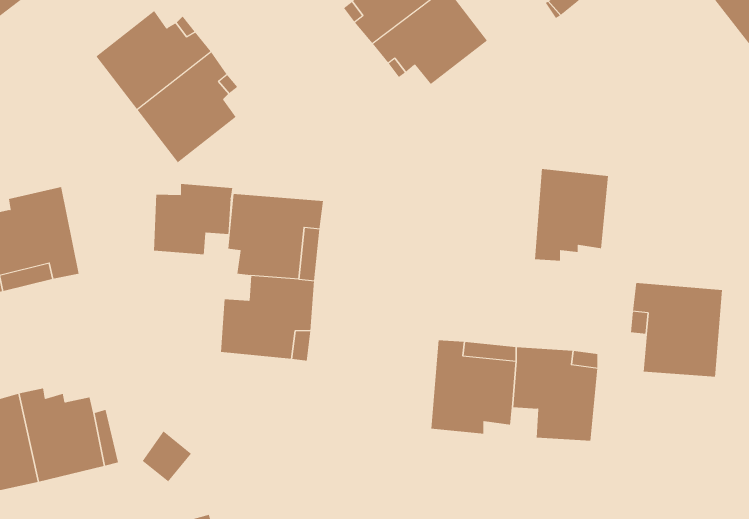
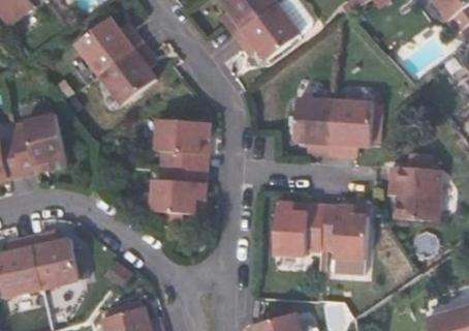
building: none -> [292,100,335,156]
building: [153,183,233,255] -> none

